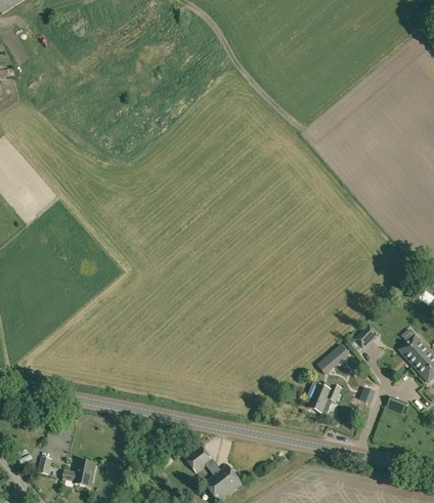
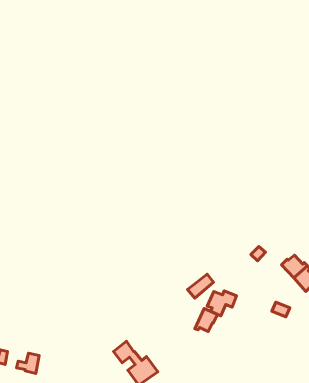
building: [316,344,349,375] -> [188,274,214,298]
building: none -> [195,308,218,332]

